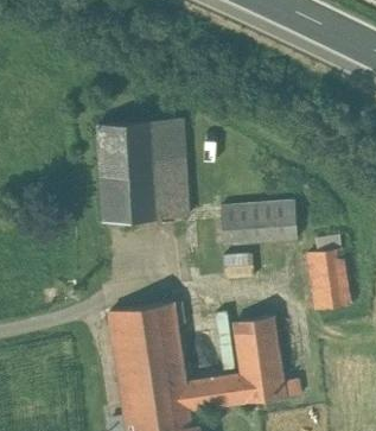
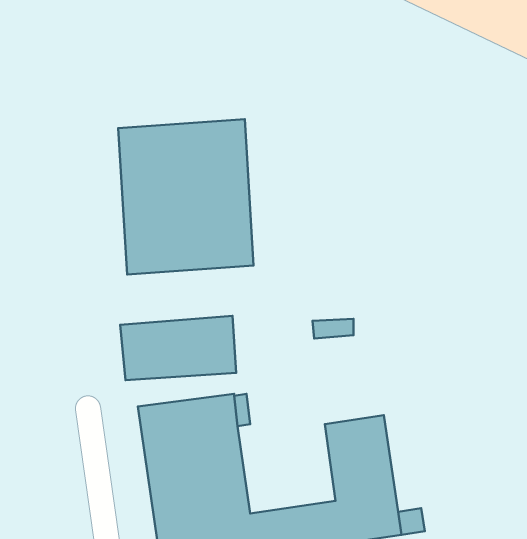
building: [219,202,297,245] -> [120,316,236,380]
building: [307,236,350,310] -> none

